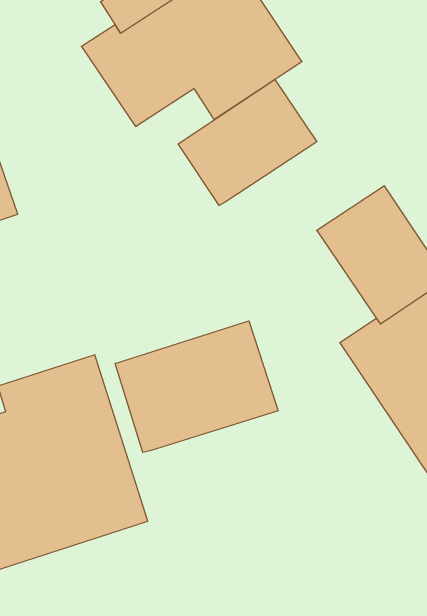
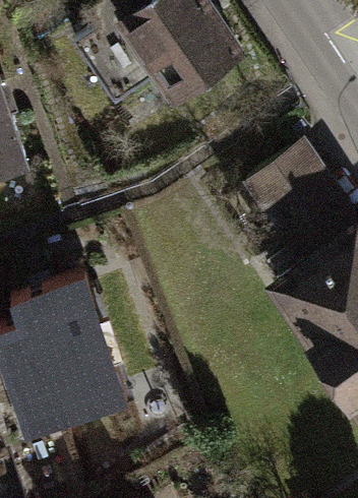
building: [178,79,317,206] -> none
building: [115,321,278,452] -> none

